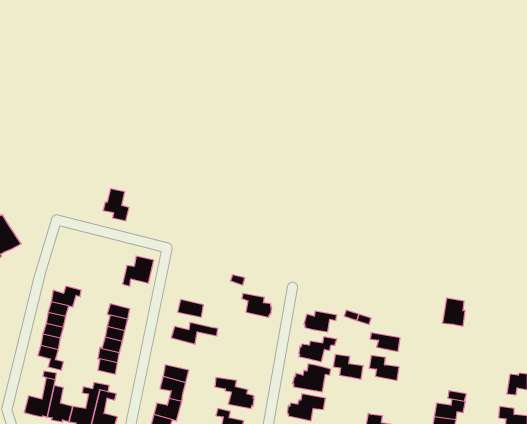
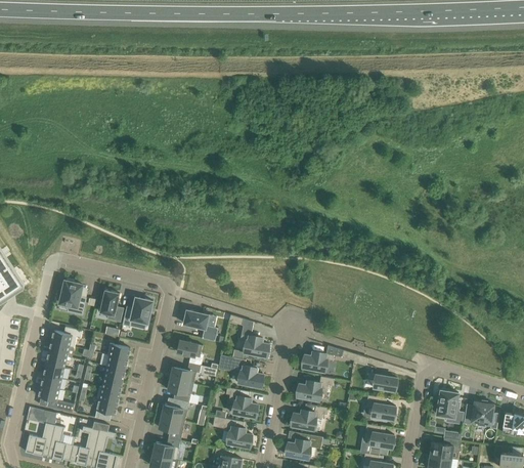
building: [103,189,129,221] -> [97,290,123,322]
building: none -> [59,279,86,314]
building: none -> [183,309,217,341]
building: [442,298,465,326] -> [436,390,458,418]
building: none -> [218,355,263,387]
building: none -> [168,378,193,402]
building: none -> [225,387,258,418]
building: [333,354,363,379] -> [364,424,394,449]
building: none -> [463,401,498,429]

